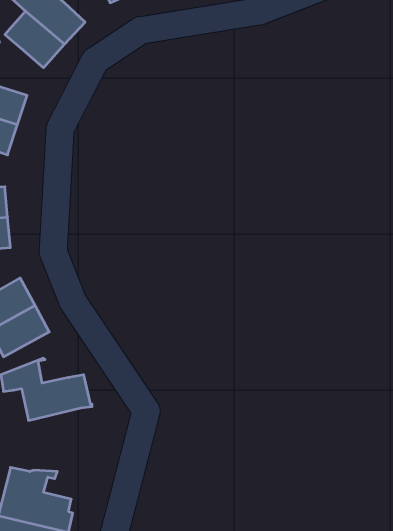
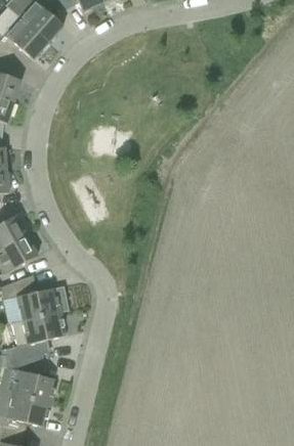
building: none -> [8,311,66,358]

